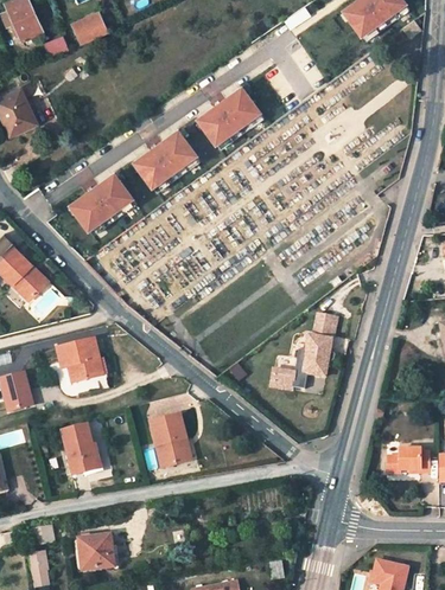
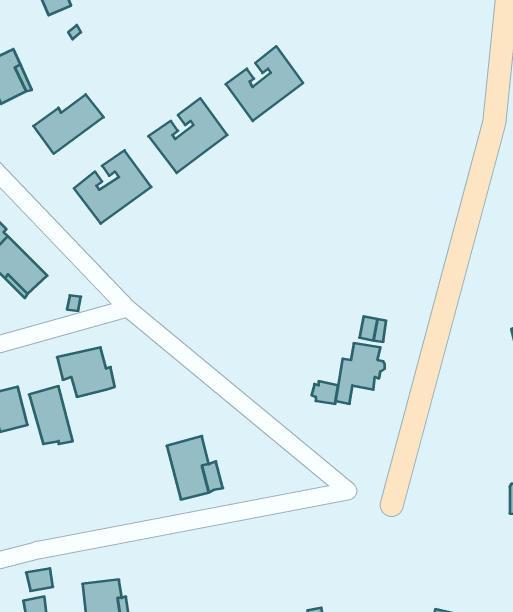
building: none -> [33,94,104,154]
building: [61,425,97,474] -> [29,386,73,444]
building: [386,448,430,472] -> none

